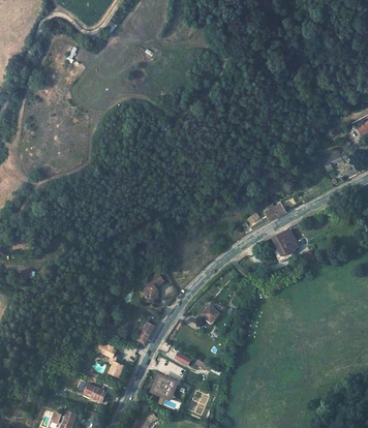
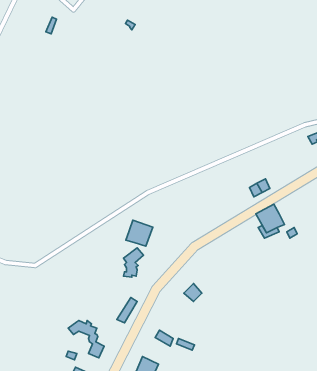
building: none -> [126,220,153,246]

